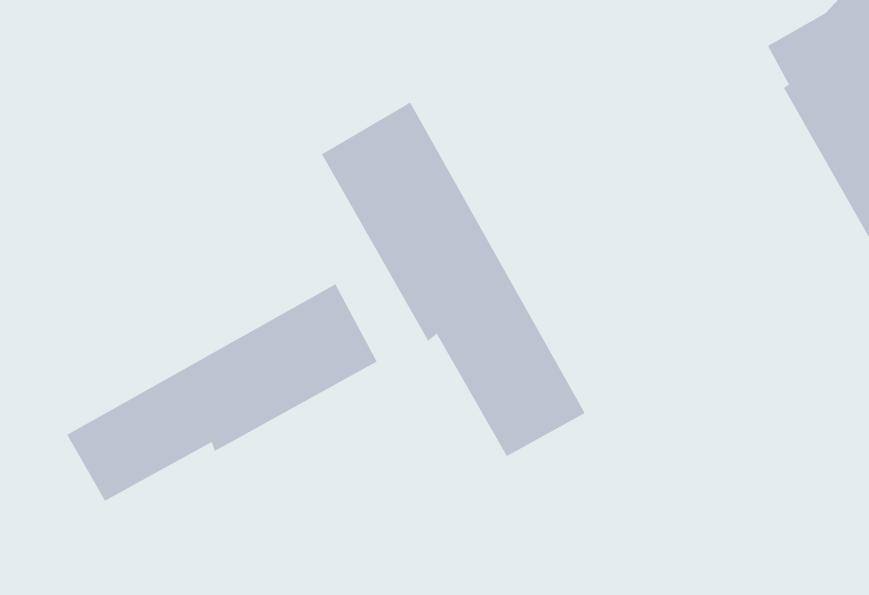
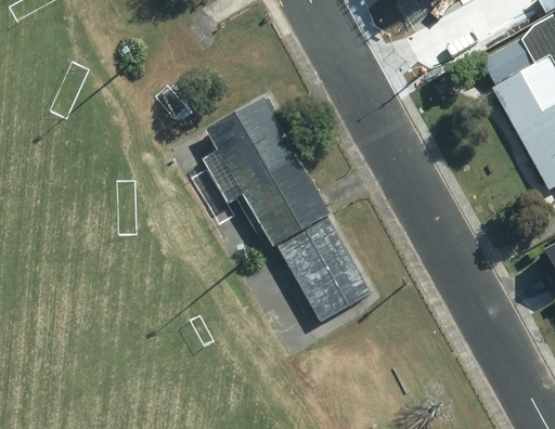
building: [67,284,377,502] -> none

